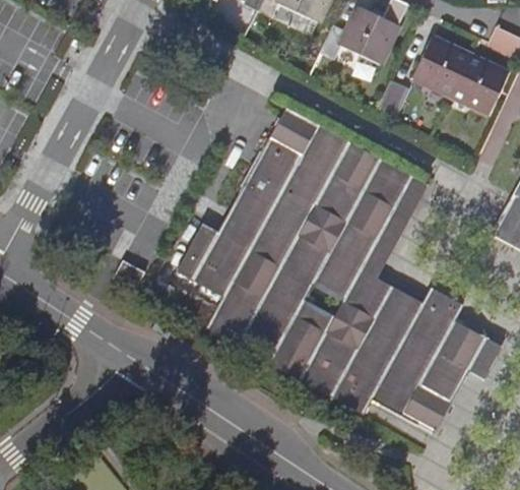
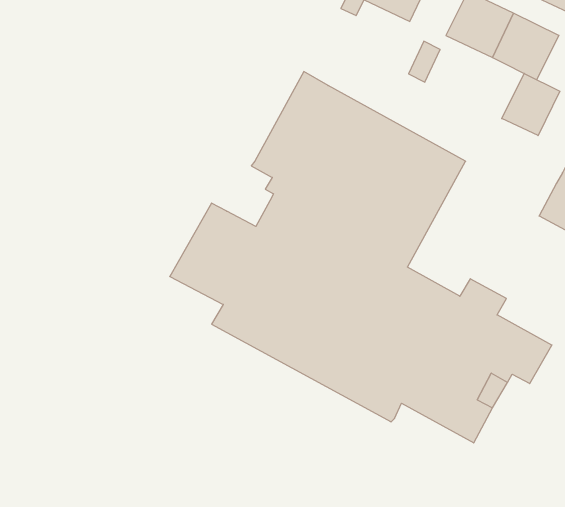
building: none -> [502,73,560,136]
building: [220,190,261,243] -> none

